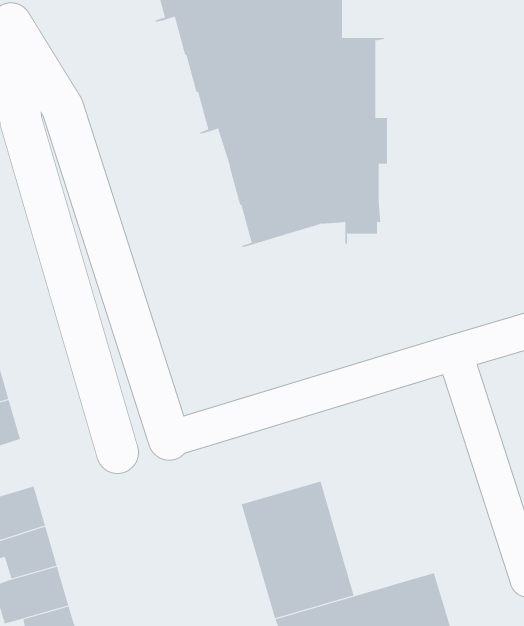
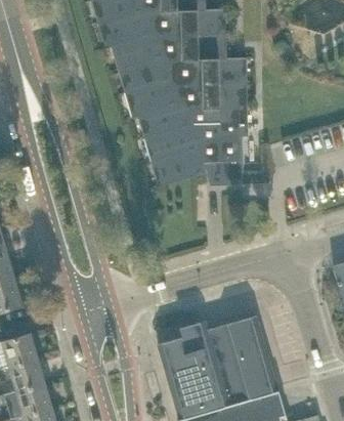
building: none -> [206,315,275,401]

